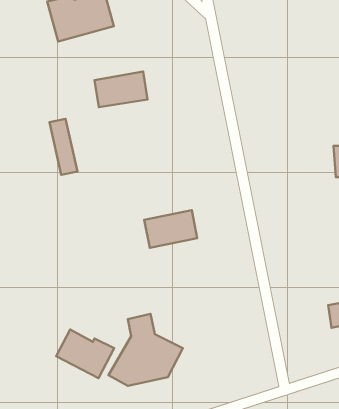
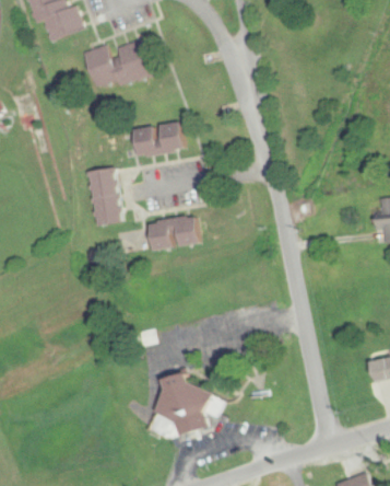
building: [144,210,197,248] -> [151,213,204,252]
building: [56,329,114,378] -> none

